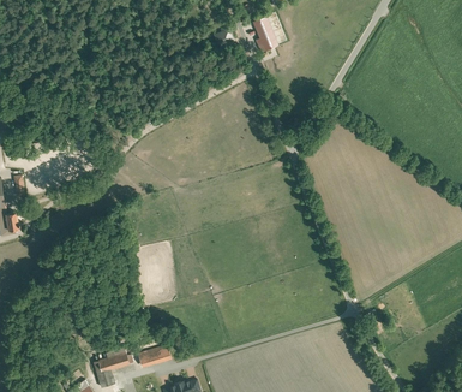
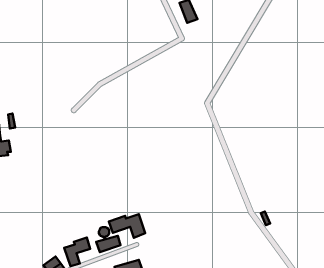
building: none -> [109,214,145,238]

